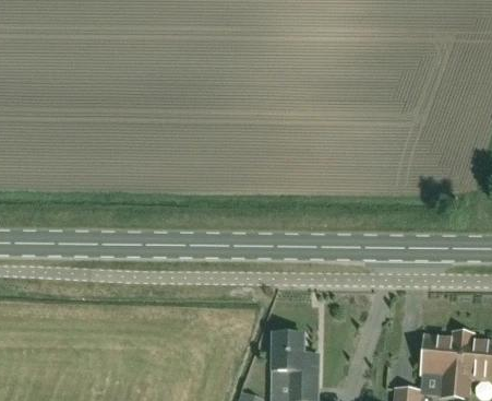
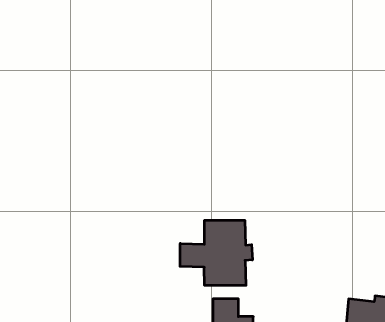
building: none -> [180,220,252,285]

